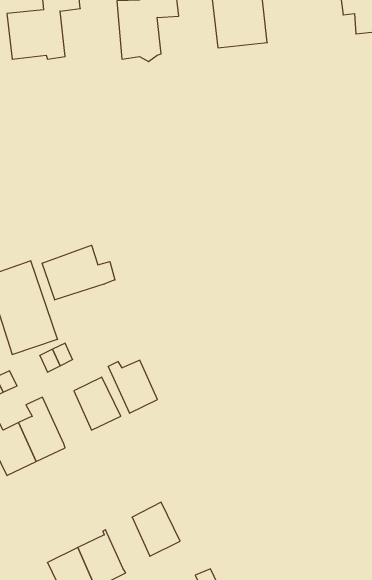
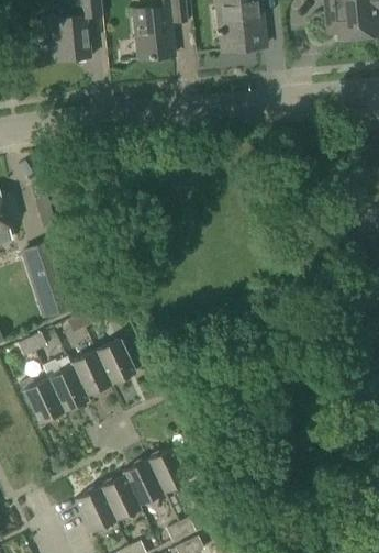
building: [42,245,115,300] -> none
building: [108,360,157,413] -> [69,350,112,396]
building: none -> [124,460,163,505]

